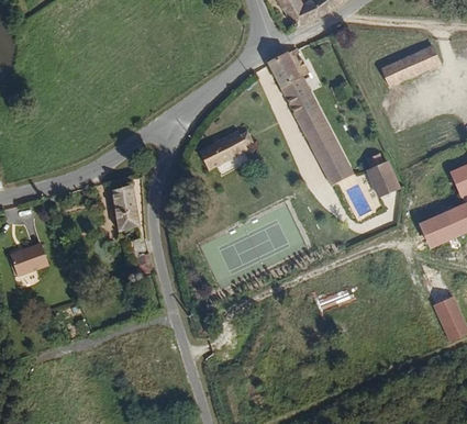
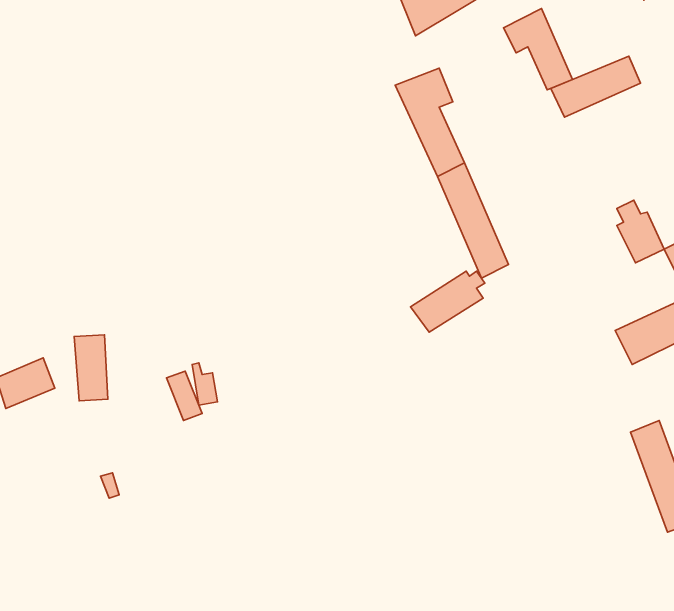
building: none -> [504,9,573,90]
building: [207,130,255,169] -> [410,271,485,332]
building: [367,160,398,201] -> [617,200,664,263]
building: [115,183,137,226] -> [74,335,108,401]

